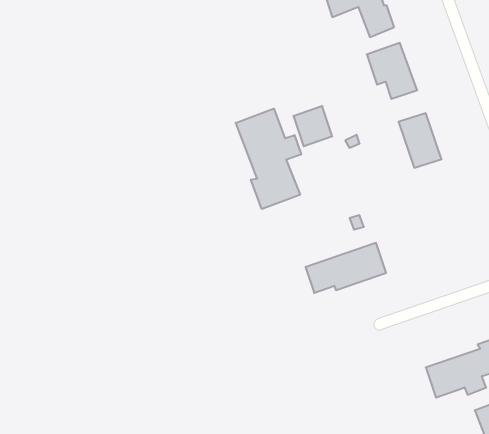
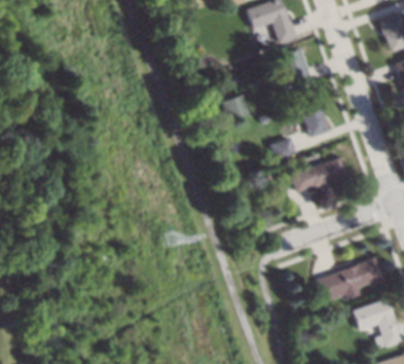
building: [236,109,301,209] -> none
building: none -> [269,136,295,159]
building: [306,243,386,293] -> [289,156,346,192]

